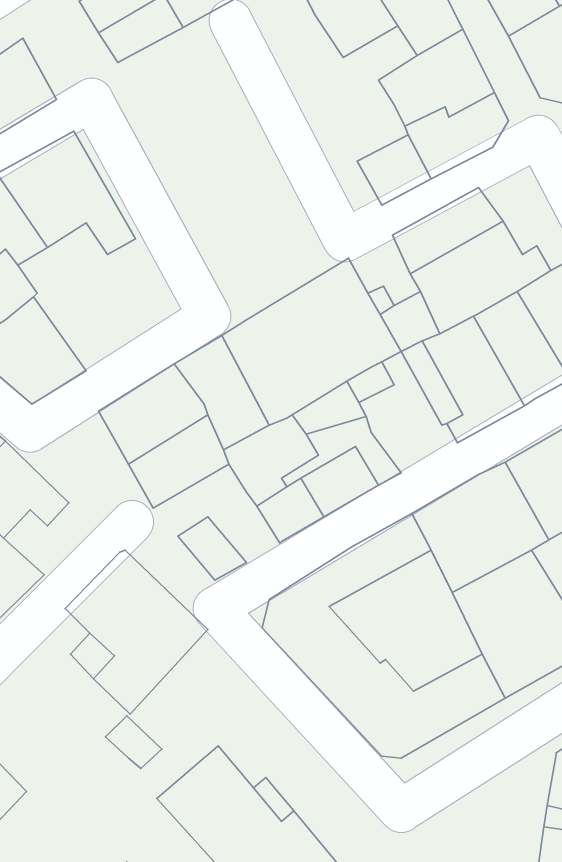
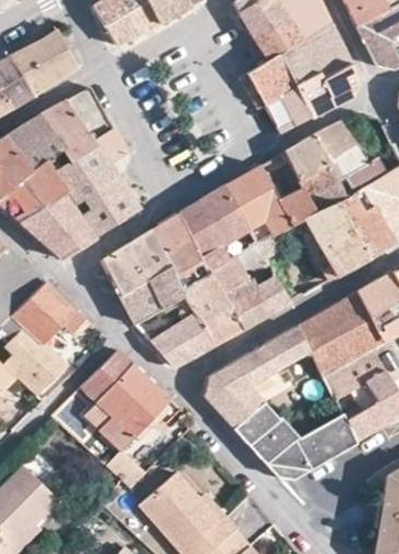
building: none -> [239,22,301,109]
building: none -> [52,145,137,237]
building: none -> [170,313,215,357]

